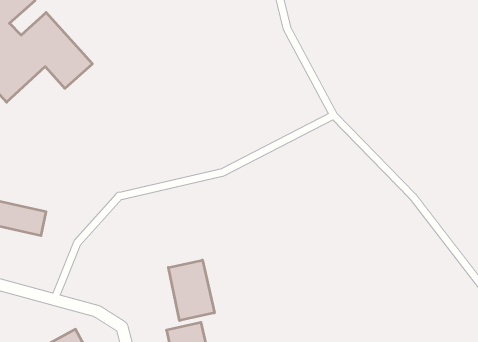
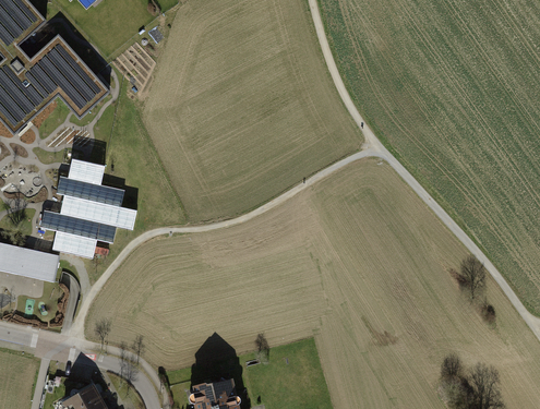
building: none -> [39,158,136,256]
building: [168,260,214,321] -> none

